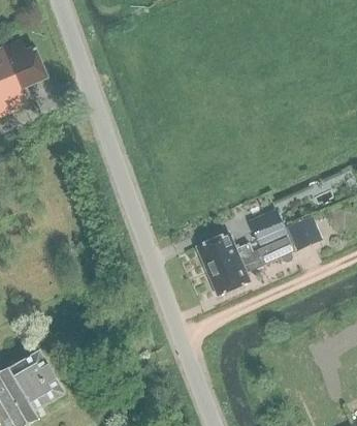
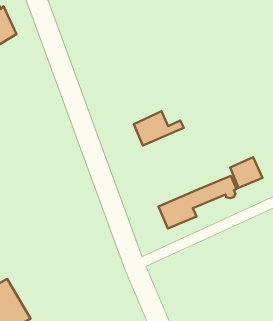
building: [249,208,286,245] -> none
building: [196,231,252,269] -> [134,111,184,146]

